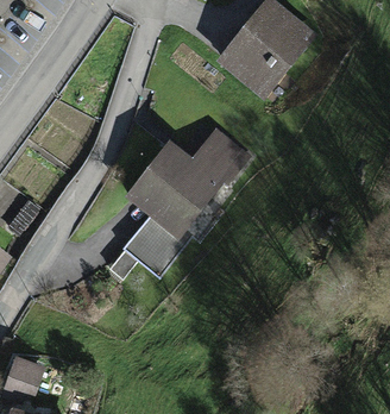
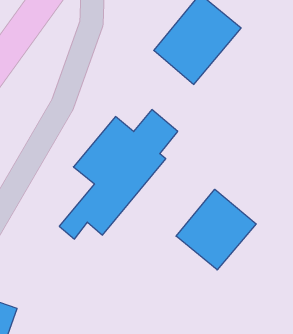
building: none -> [176,189,256,270]

